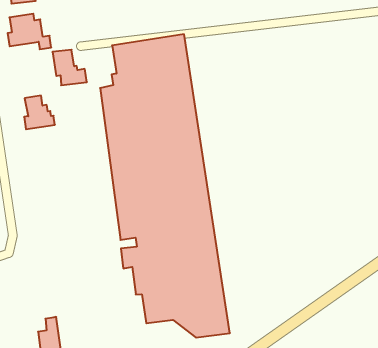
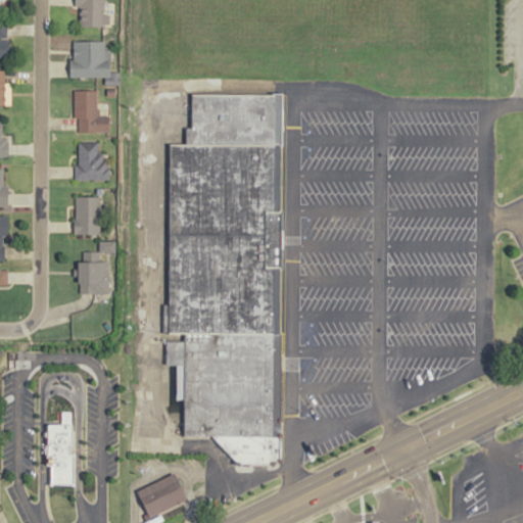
building: [52,50,87,85] -> [73,90,108,133]
building: none -> [73,196,99,235]
building: none -> [79,242,114,293]

